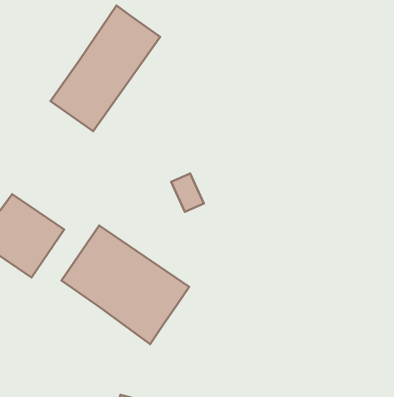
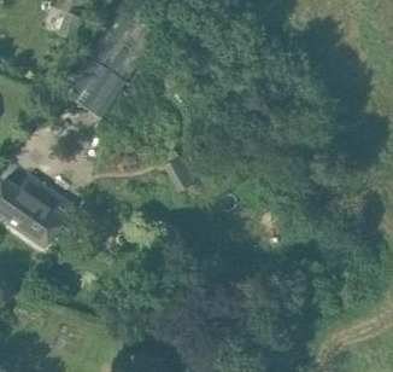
building: [62,225,189,344] -> none

